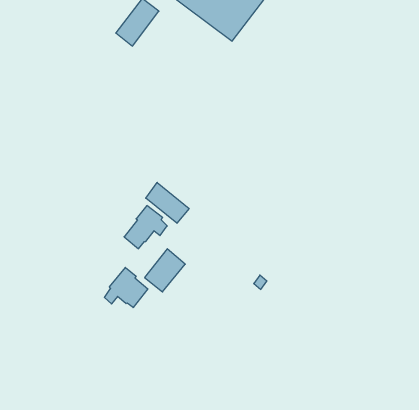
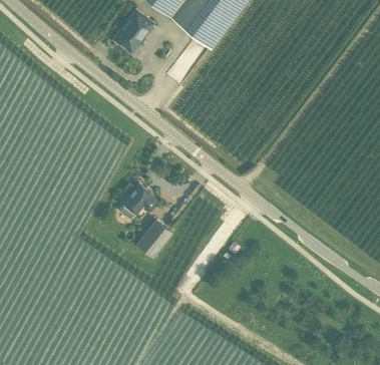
building: [146,182,189,223] -> none
building: [104,267,148,308] -> none

